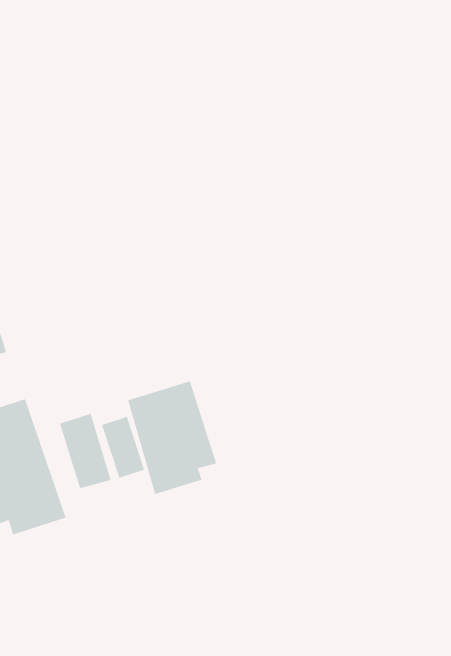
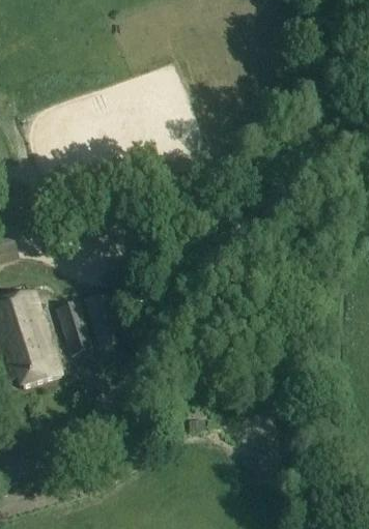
building: [127,381,217,495] -> none

